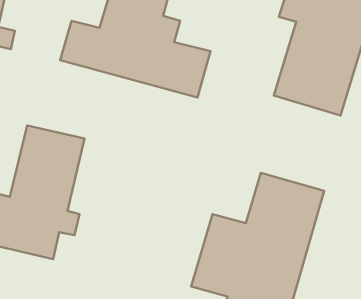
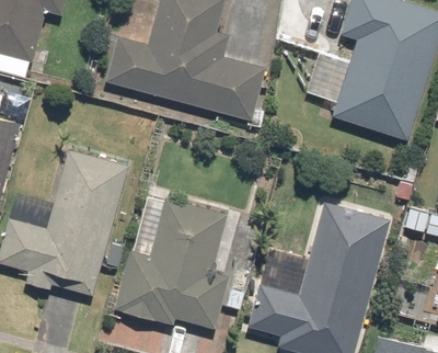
building: none -> [117,195,228,331]

